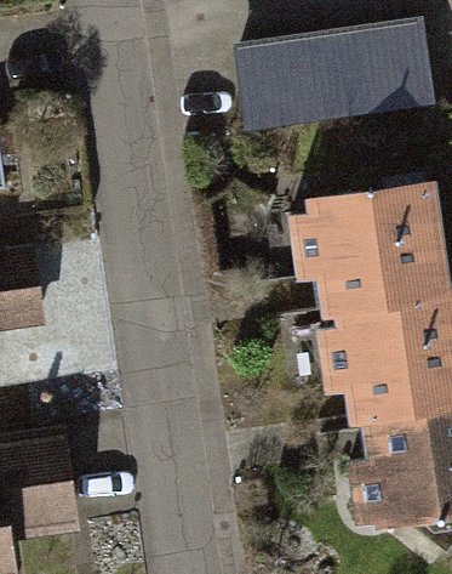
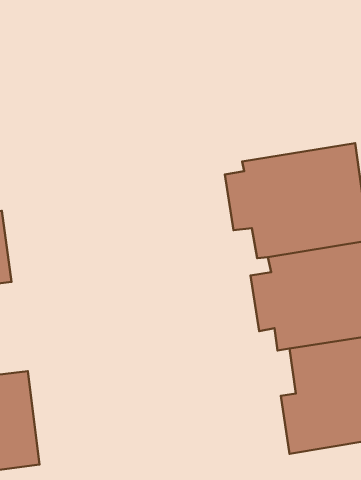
building: [238,25,436,136] -> none

